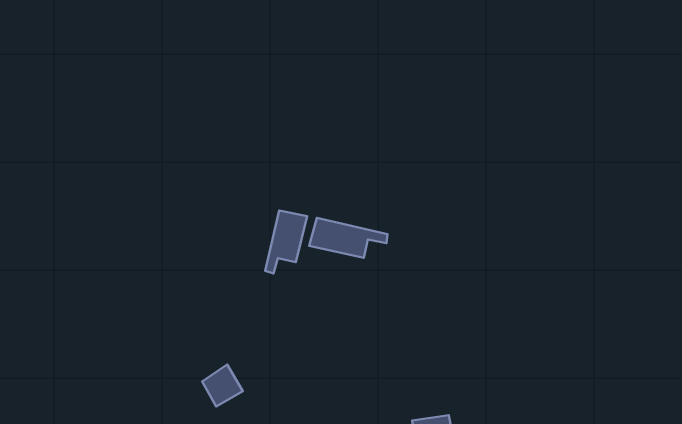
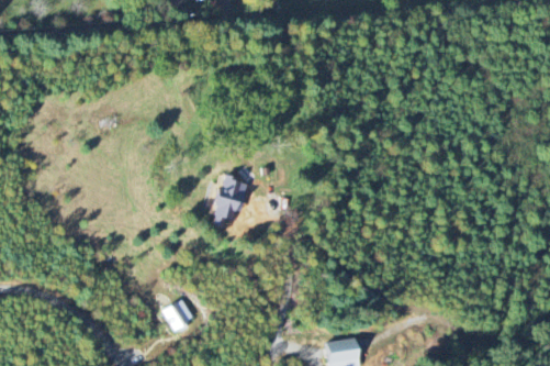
building: [309,218,387,258] -> none

